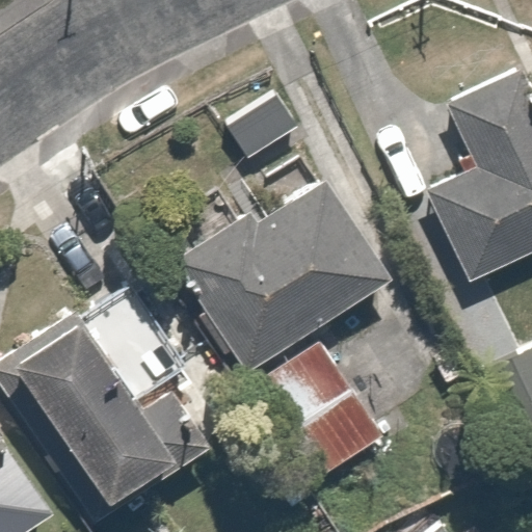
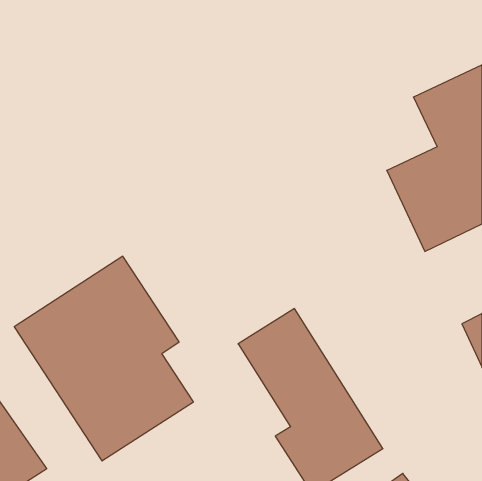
building: [183,196,380,364] -> none

